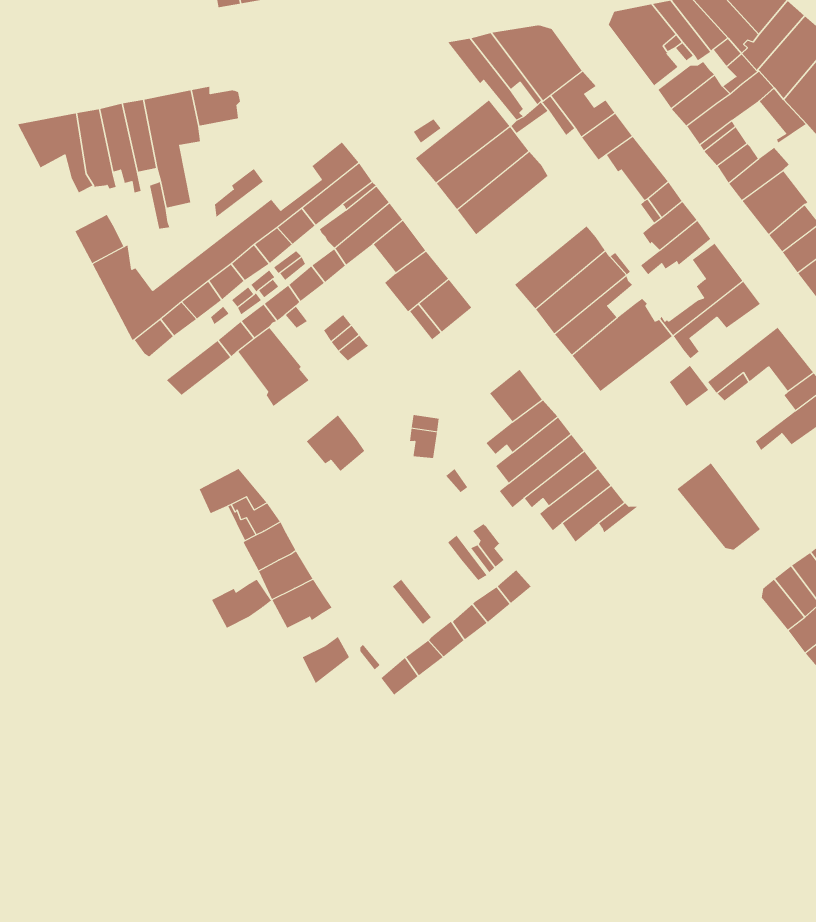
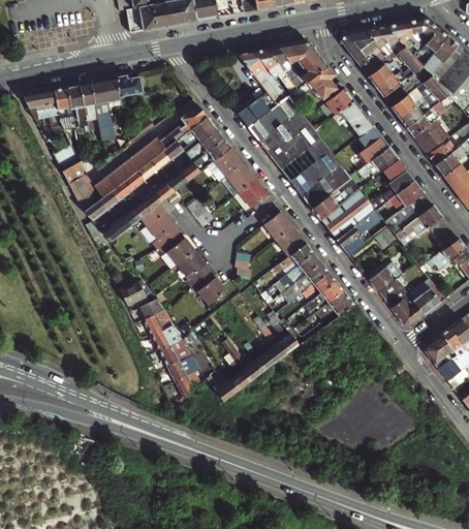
building: none -> [238,51,277,90]
building: none -> [270,123,330,182]
building: none -> [385,192,433,235]
building: none -> [337,210,381,255]
building: none -> [263,211,293,241]
building: none -> [165,234,195,267]
building: none -> [368,260,403,292]
building: none -> [196,272,226,306]
building: none -> [406,275,445,314]
building: [211,579,272,628] -> [167,356,200,383]

